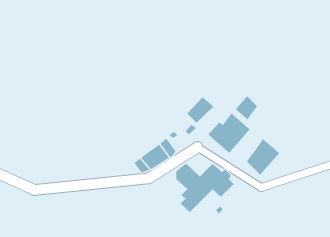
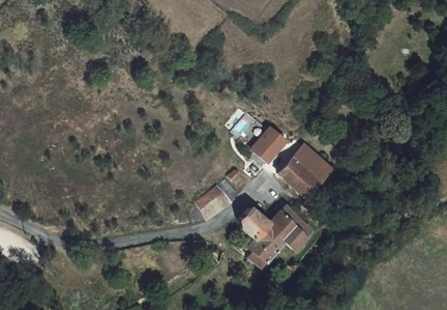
building: [235,95,258,120] -> none
building: [246,138,280,176] -> none

